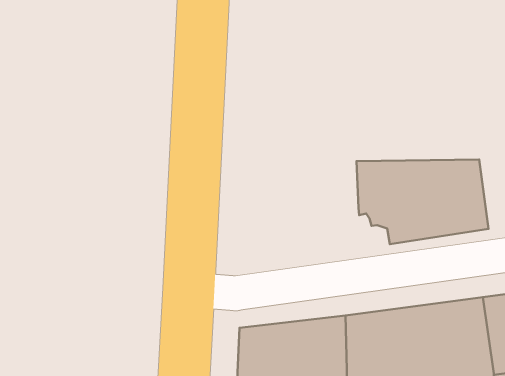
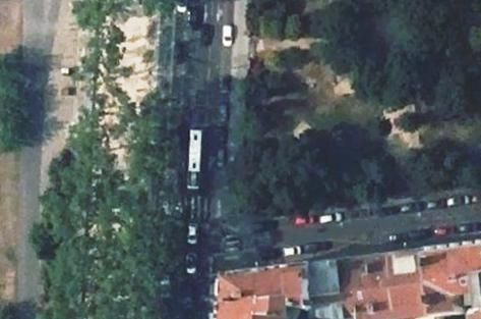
building: [357,160,488,244] -> none

